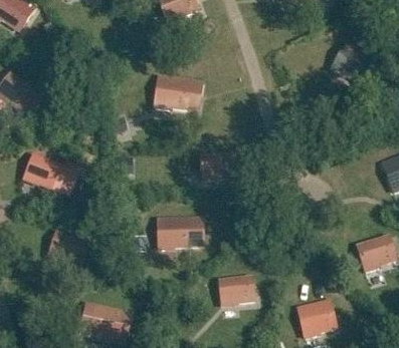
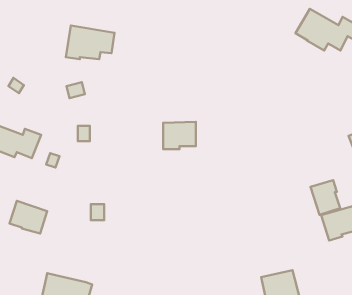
building: [153,80,201,113] -> [66,26,115,59]
building: none -> [311,180,340,215]
building: [158,217,203,246] -> none
building: [218,272,253,303] -> none

